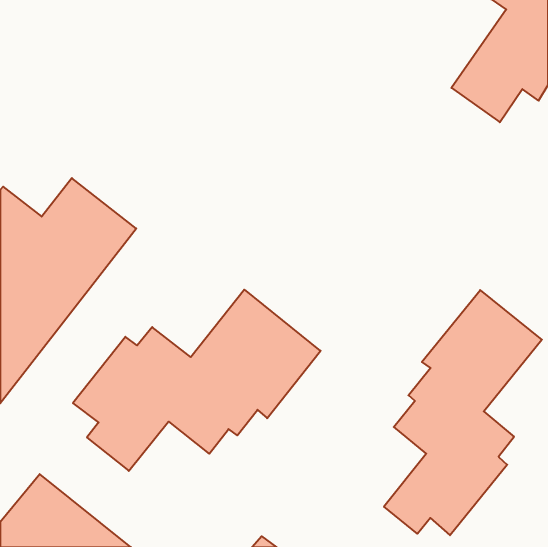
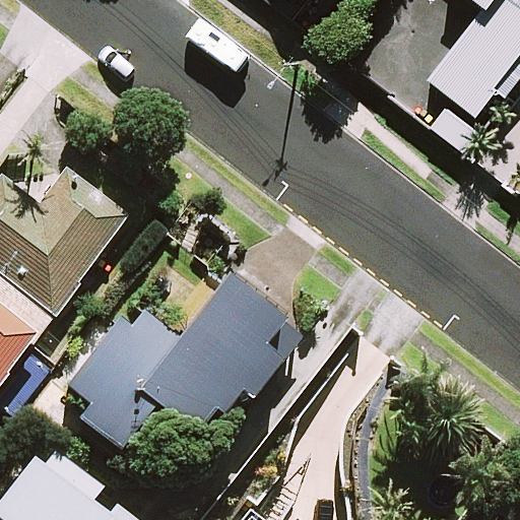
building: [384,290,542,535] -> none

